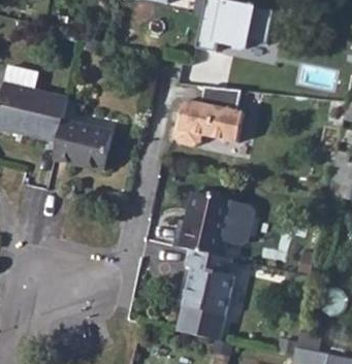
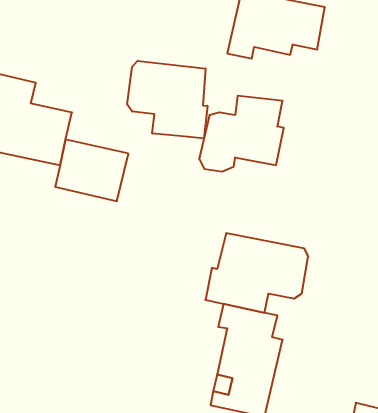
building: none -> [127,61,207,138]

